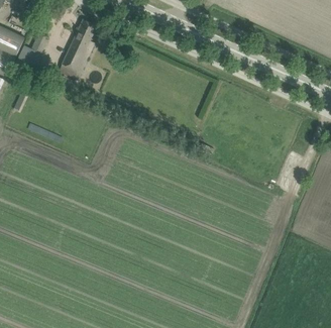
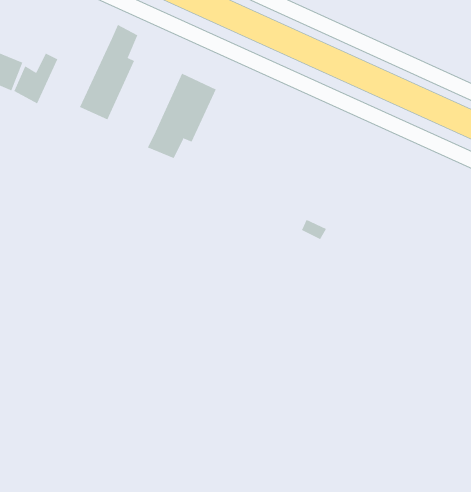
building: none -> [147,73,217,159]

